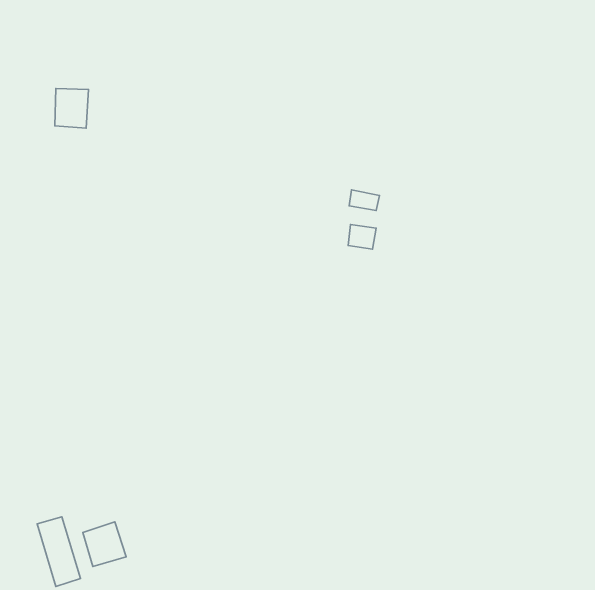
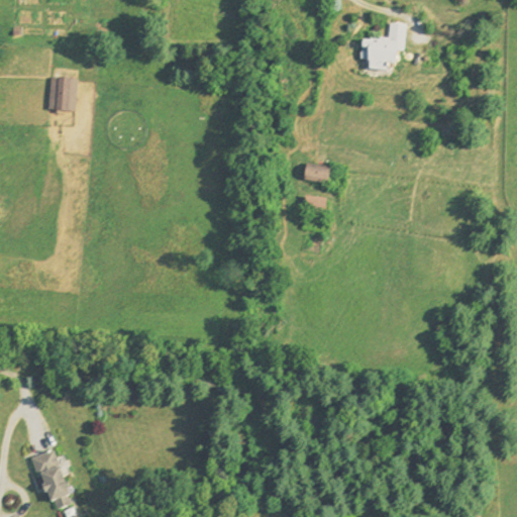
building: none -> [361,22,406,69]
building: [83,522,126,567] -> none

